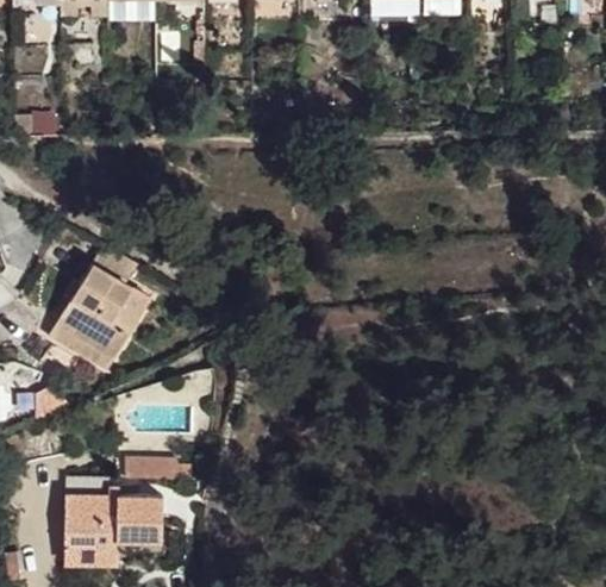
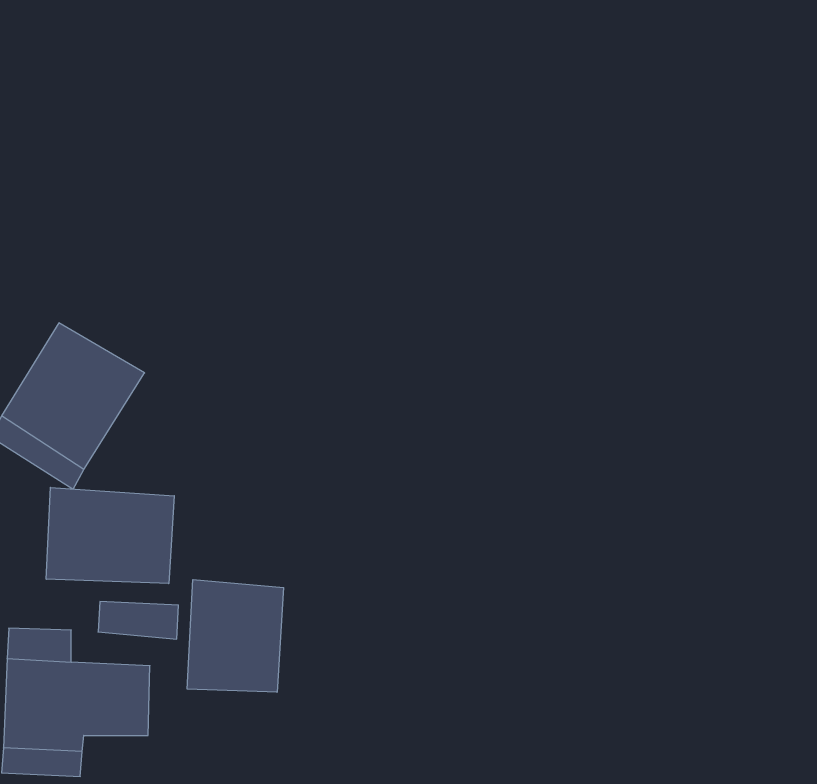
building: none -> [46,487,174,584]
building: none -> [187,580,284,692]

